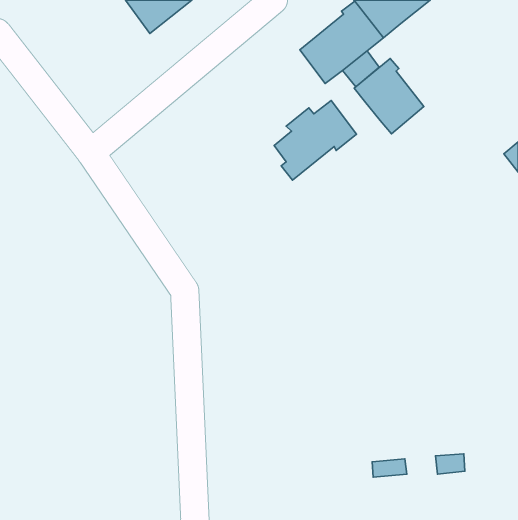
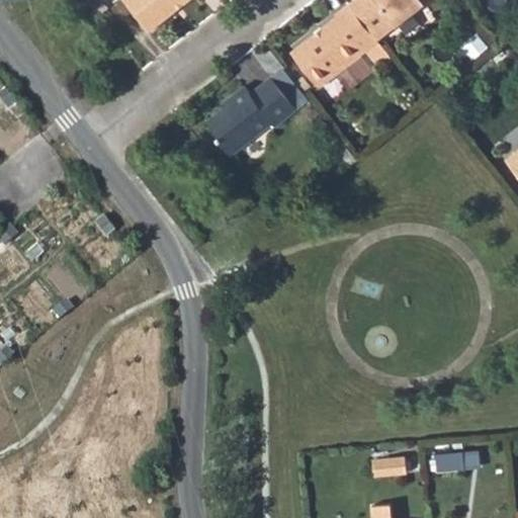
building: [354,58,424,134] -> none
building: [274,101,357,180] -> [215,71,297,150]

